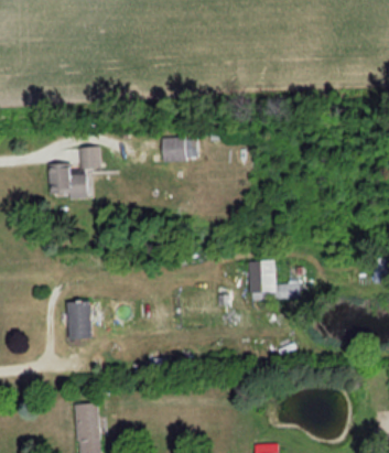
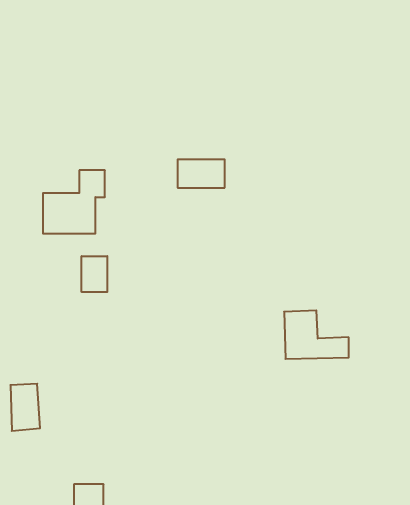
building: none -> [82,256,107,292]
building: [66,300,90,338] -> [10,384,40,431]

